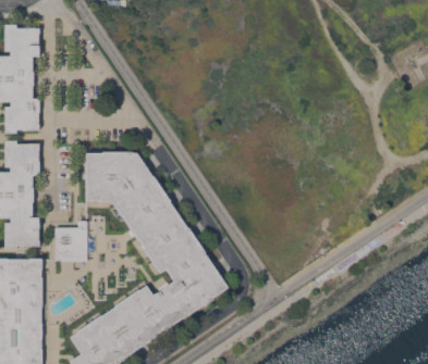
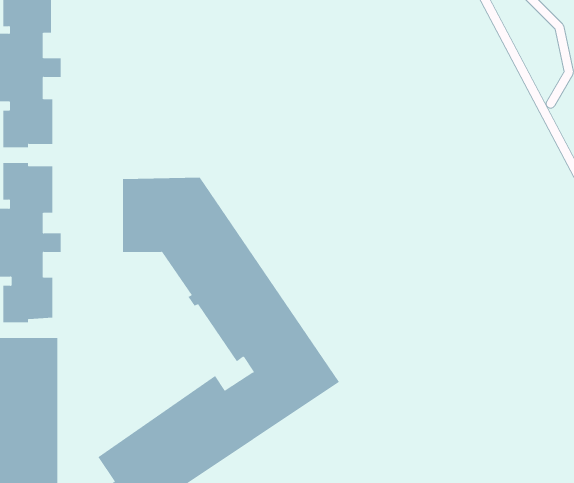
building: [52,226,89,262] -> none

